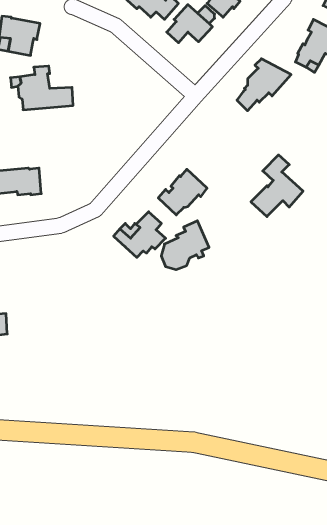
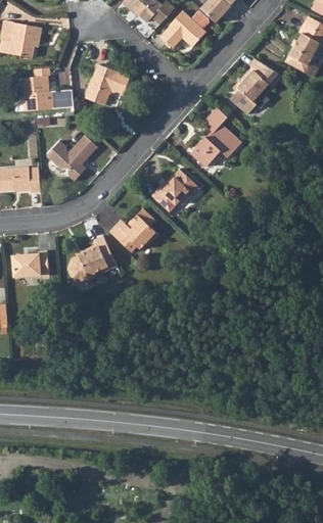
building: none -> [84,62,130,103]
building: none -> [46,133,98,180]
building: [251,155,303,217] -> [190,106,240,165]
building: [161,221,209,270] -> [71,236,117,283]
building: none -> [13,252,49,279]

